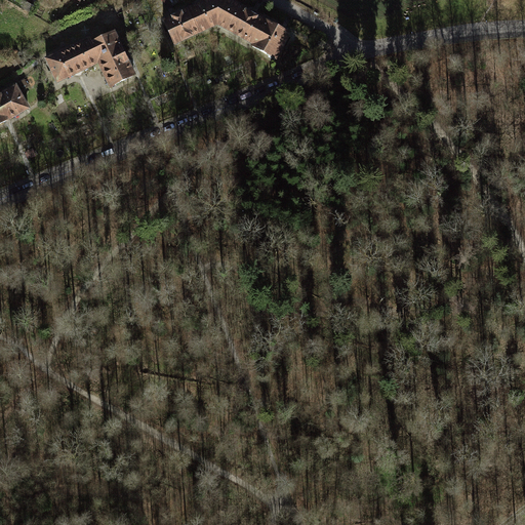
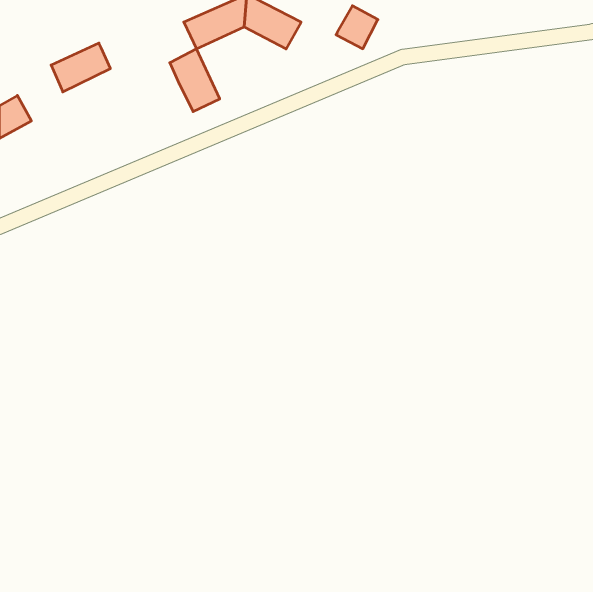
building: [251,19,288,57] -> [336,6,378,49]
building: [89,30,133,85] -> [170,49,220,112]

